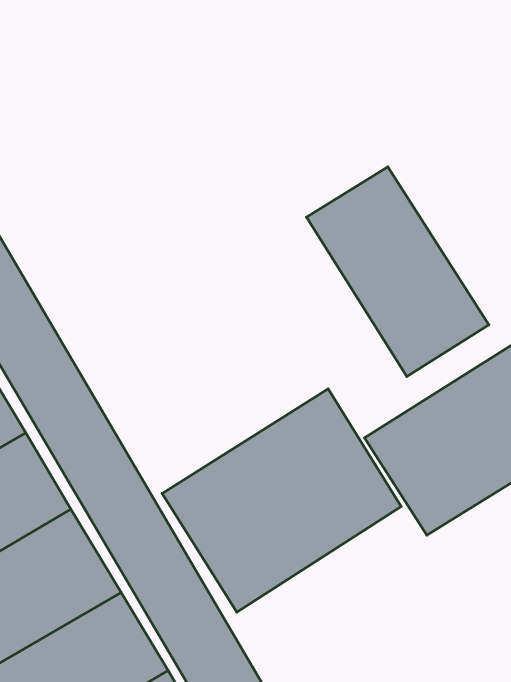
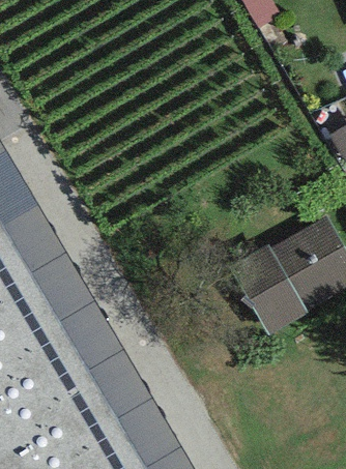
building: [306,167,489,376] -> none
building: [162,389,401,612] -> none

